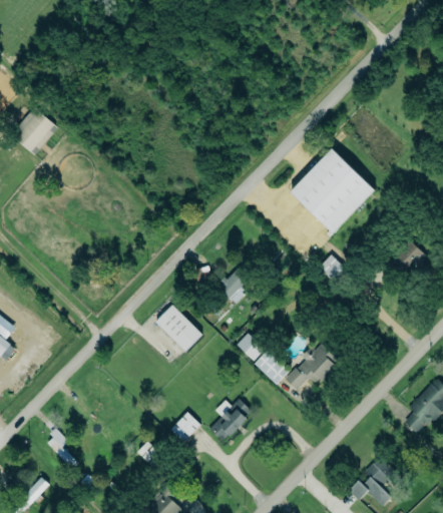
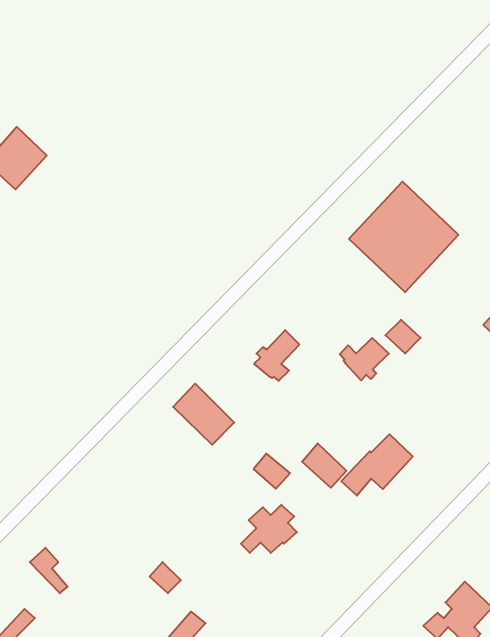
building: none -> [340,338,389,380]
building: [237,333,265,360] -> [254,454,290,489]
building: [170,412,200,442] -> none

